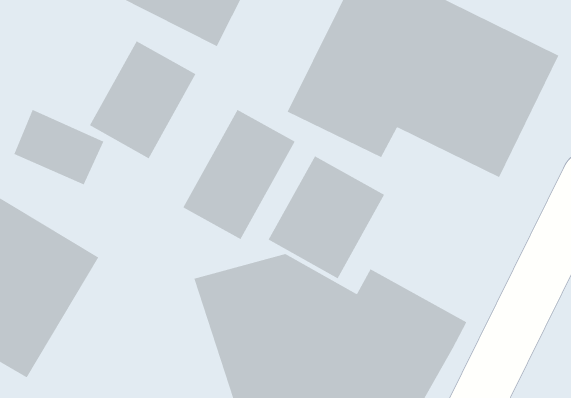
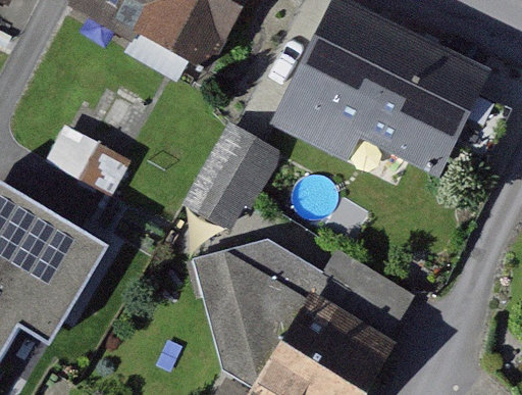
building: [89,41,196,159] -> none
building: [268,155,385,279] -> none

